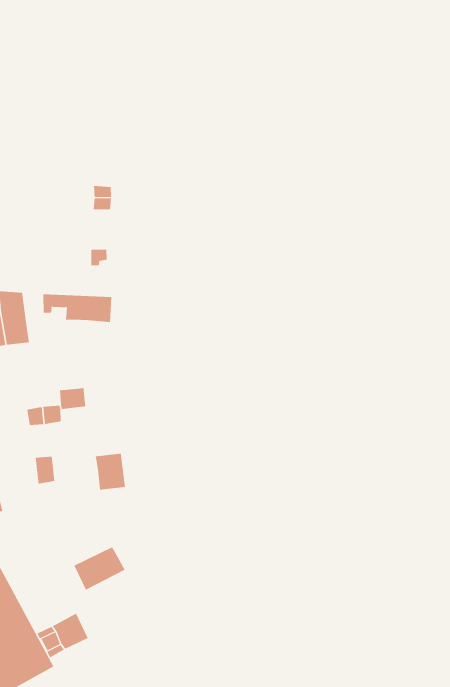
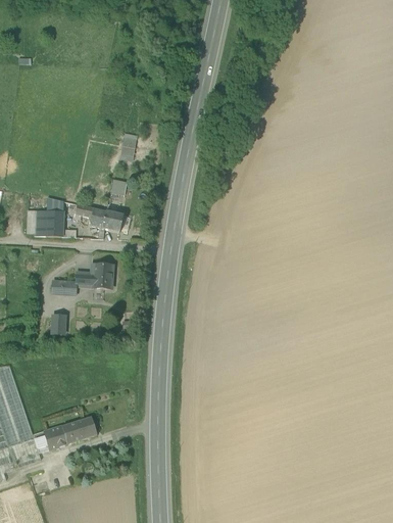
building: [95,453,126,490] -> [93,264,112,288]
building: [74,547,126,590] -> [62,417,97,443]

